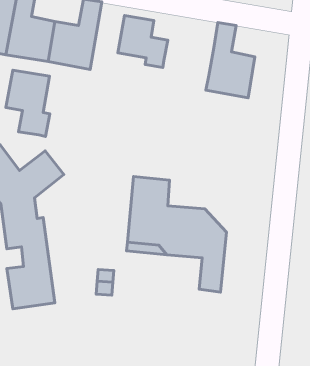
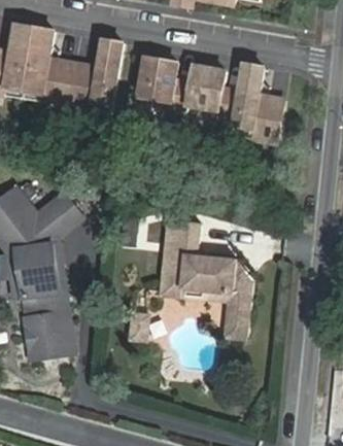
building: none -> [187,62,240,116]
building: [6,70,50,136] -> none

